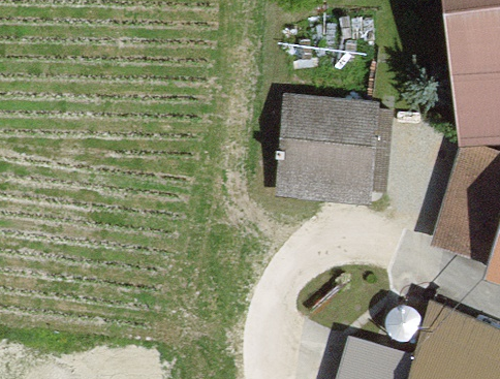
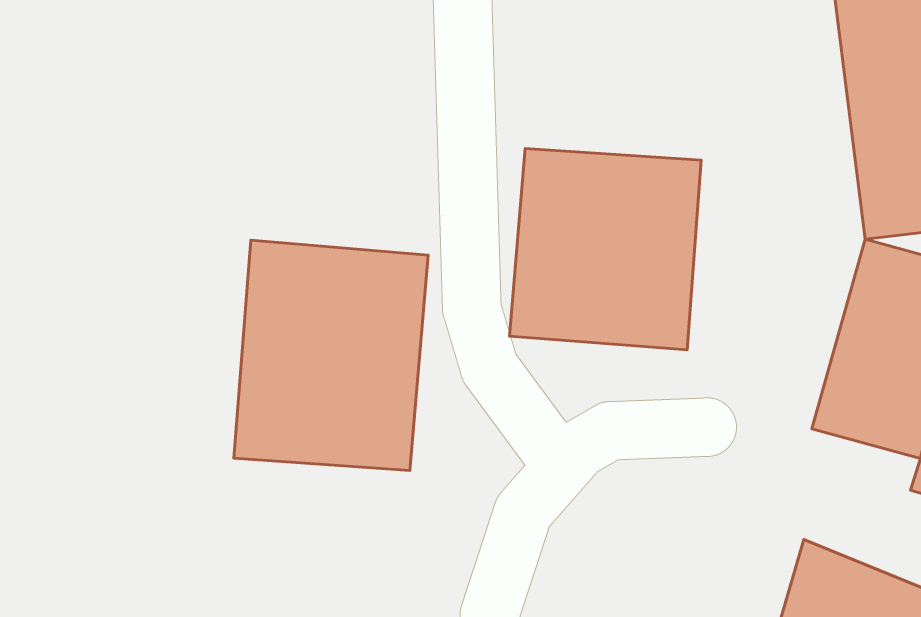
building: none -> [234,240,428,470]

